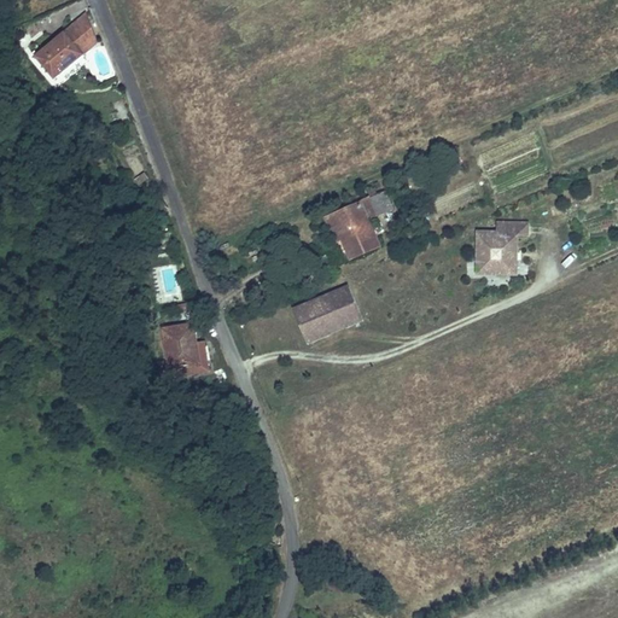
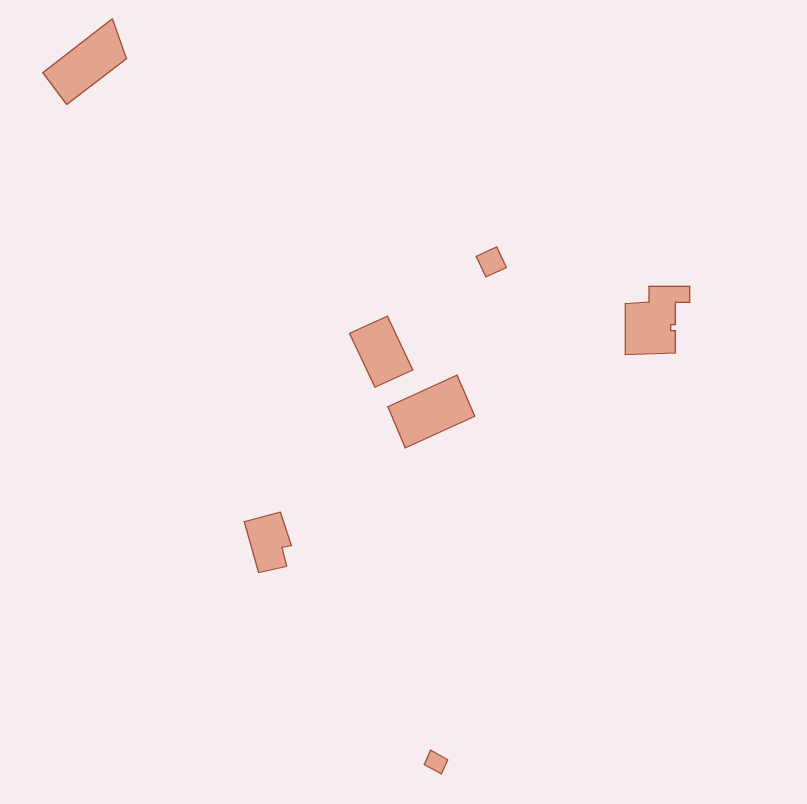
building: [323,199,372,253] -> [350,316,413,387]
building: [167,322,203,368] -> [244,512,292,572]

